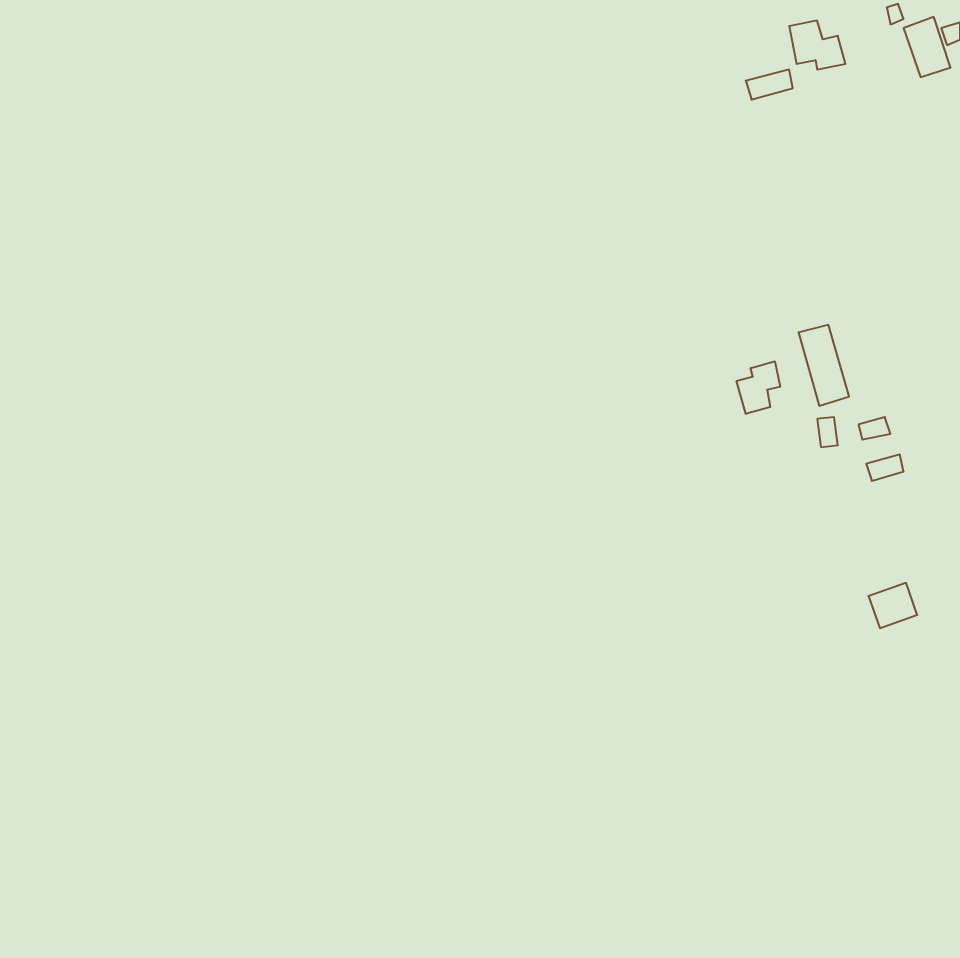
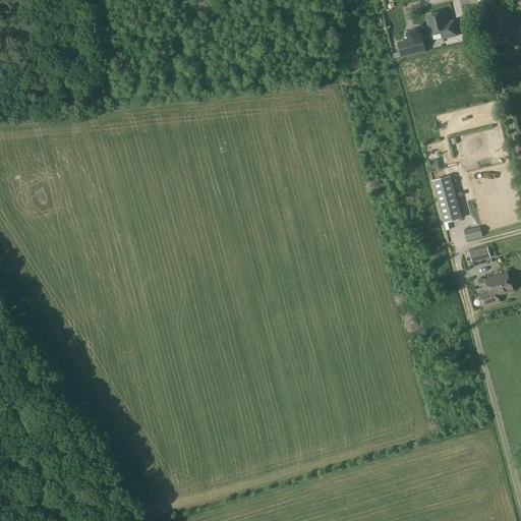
building: [737,361,780,414] -> none
building: [868,583,917,628] -> [486,272,513,296]

